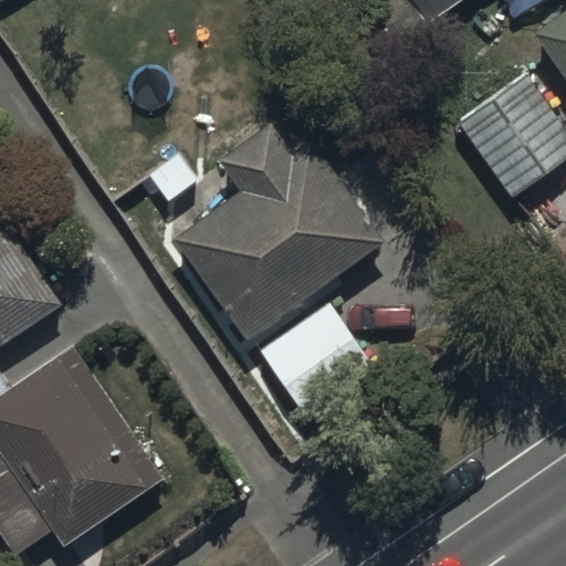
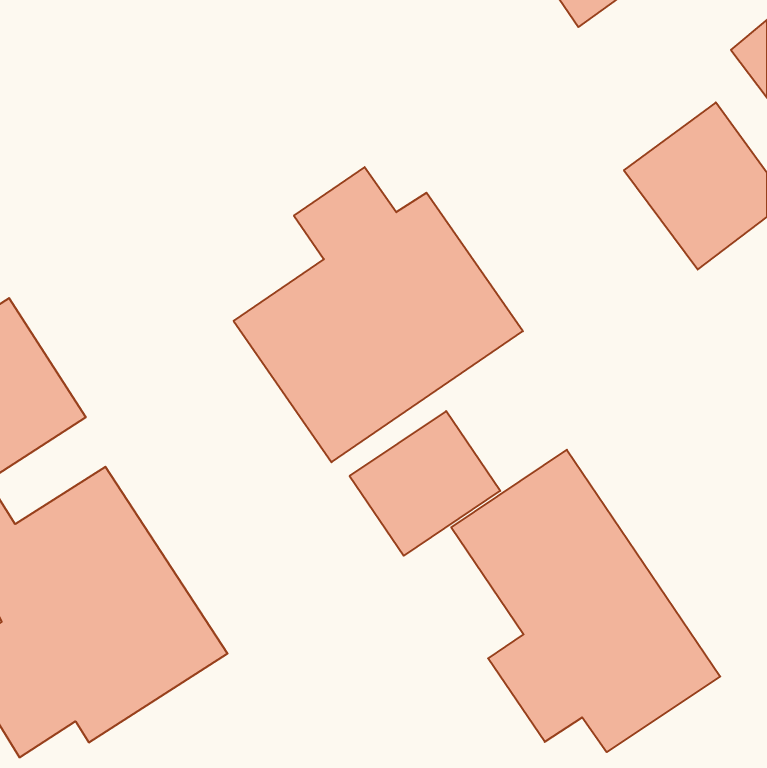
building: none -> [451,450,720,752]

